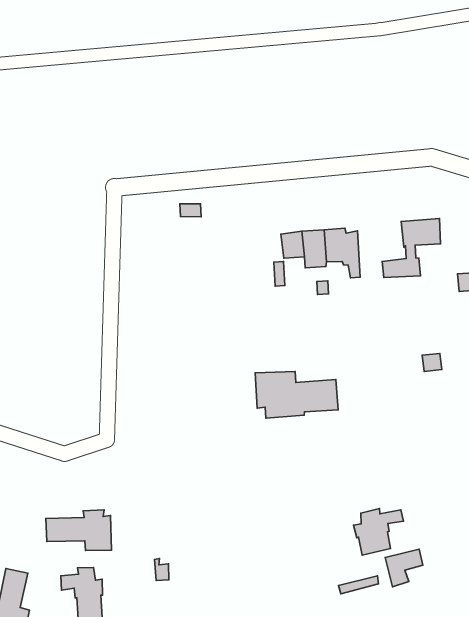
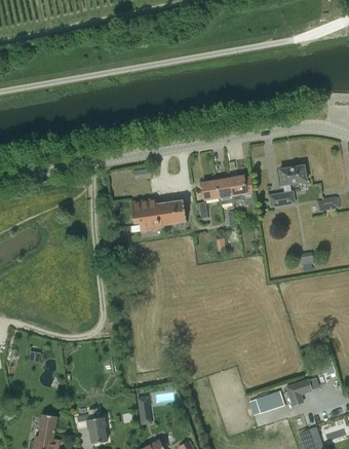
building: [255,371,338,418] -> [129,198,185,230]
building: [354,508,404,555] -> none
building: [46,510,111,551] -> none

